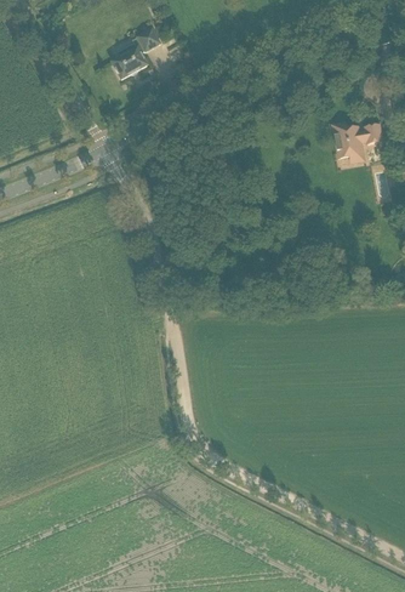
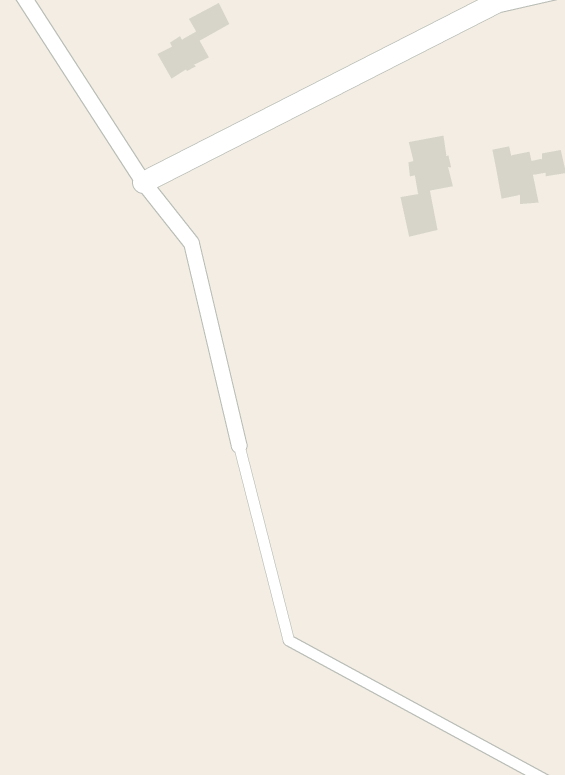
building: none -> [400,135,453,238]

